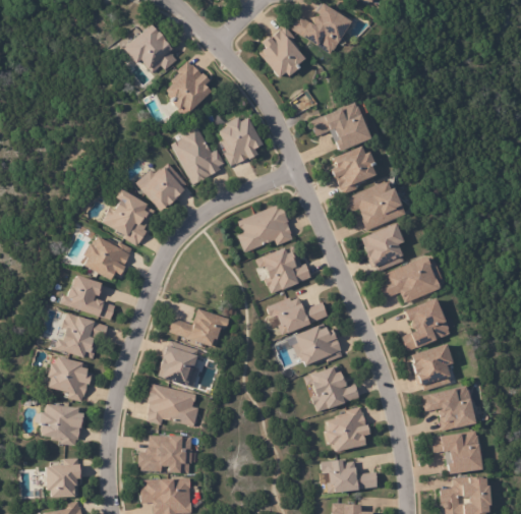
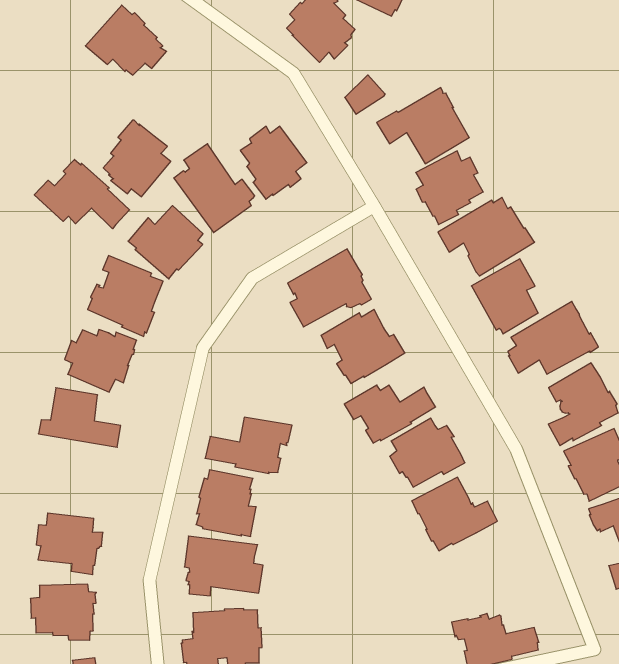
building: [163,58,209,110] -> [103,120,171,197]
building: none -> [34,159,130,229]
building: [53,311,108,358] -> none
building: [326,406,370,453] -> none

